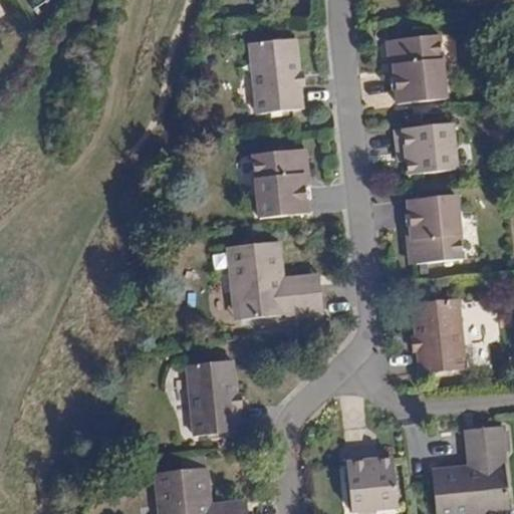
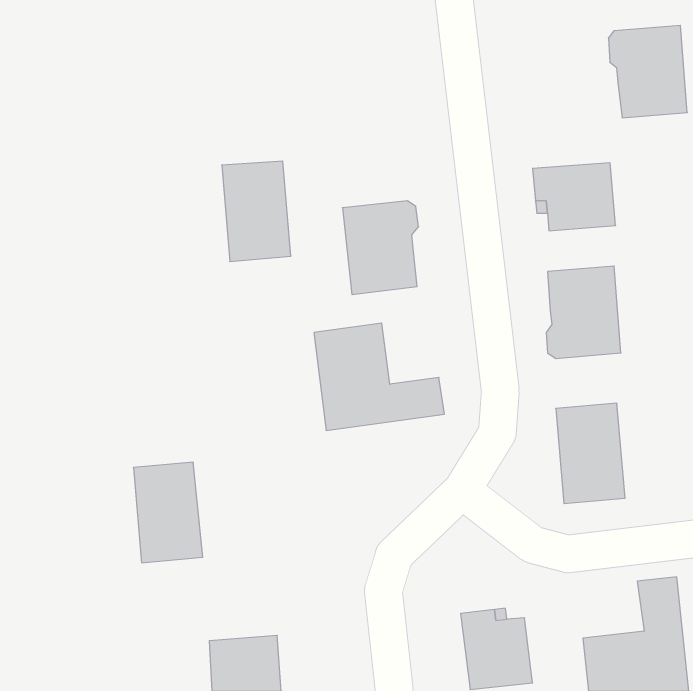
building: [251,37,302,111] -> [222,161,291,262]
building: [388,37,446,105] -> [608,25,687,118]
building: [185,361,236,436] -> [133,462,203,563]

